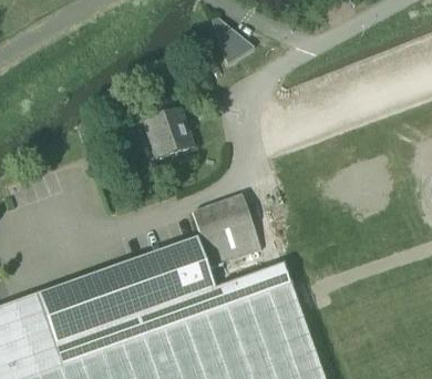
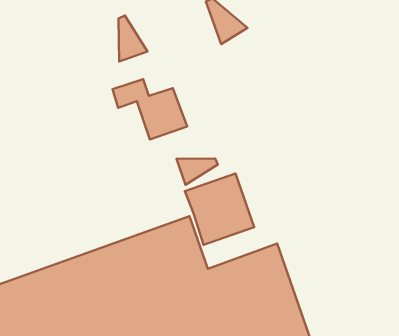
building: none -> [119,16,148,61]
building: none -> [176,159,218,185]

